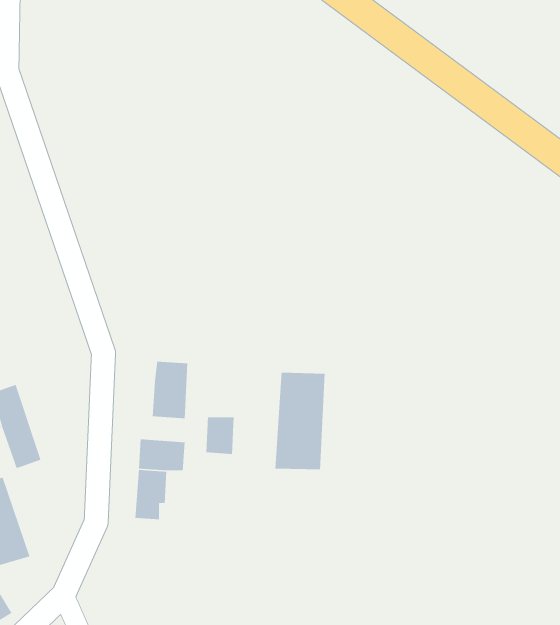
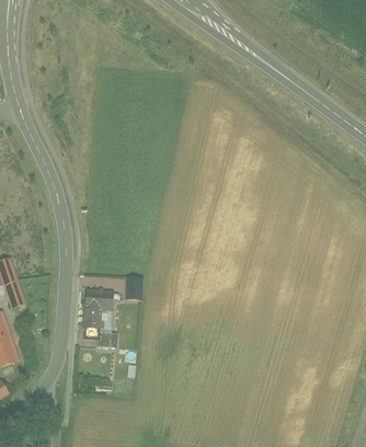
building: [152,361,188,419] -> none
building: [274,372,325,470] -> none

